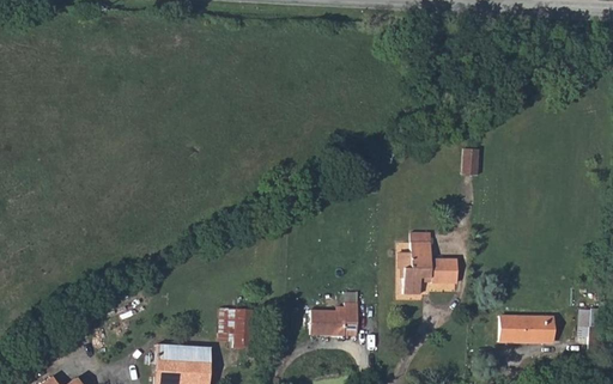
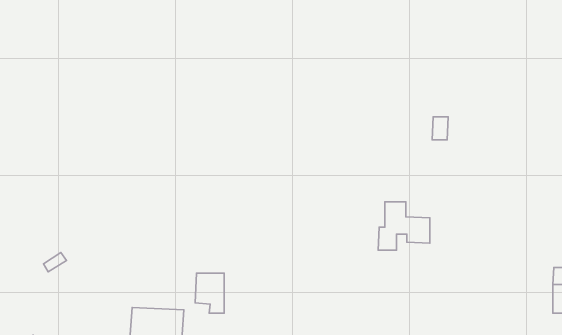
building: [310,304,358,336] -> none
building: [500,312,556,342] -> none

